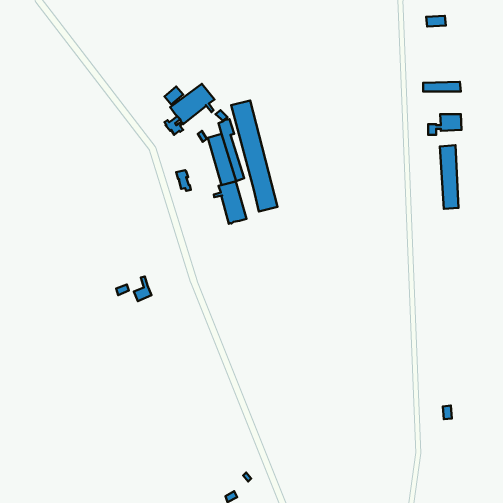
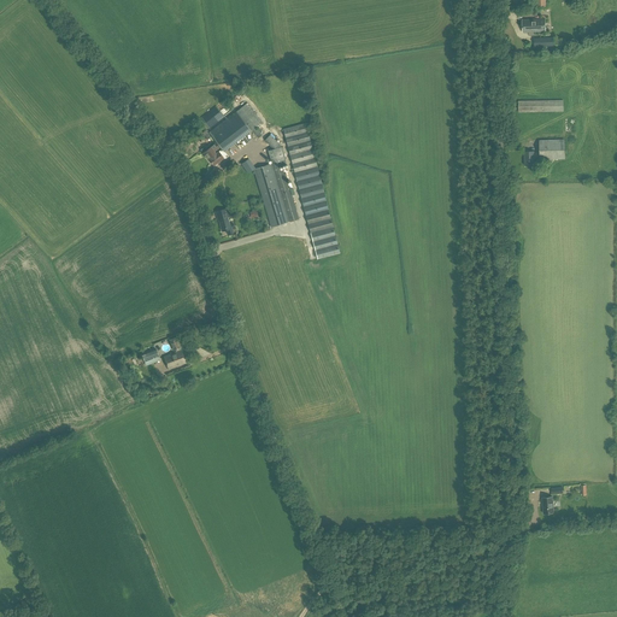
building: [440,145,459,209] -> none
building: [214,182,247,224] -> none

